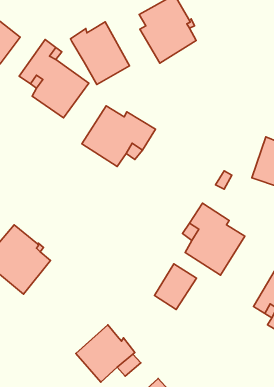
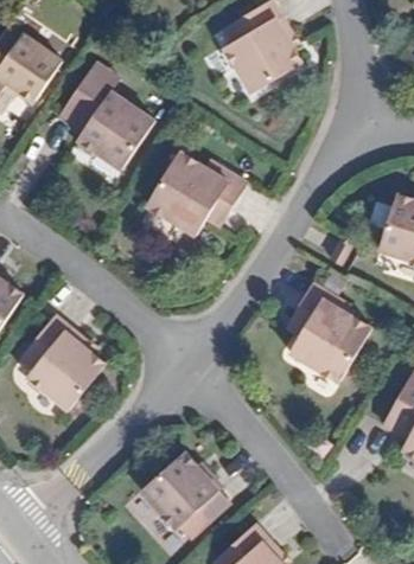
building: [71,22,130,85] -> none
building: [154,264,197,310] -> none

